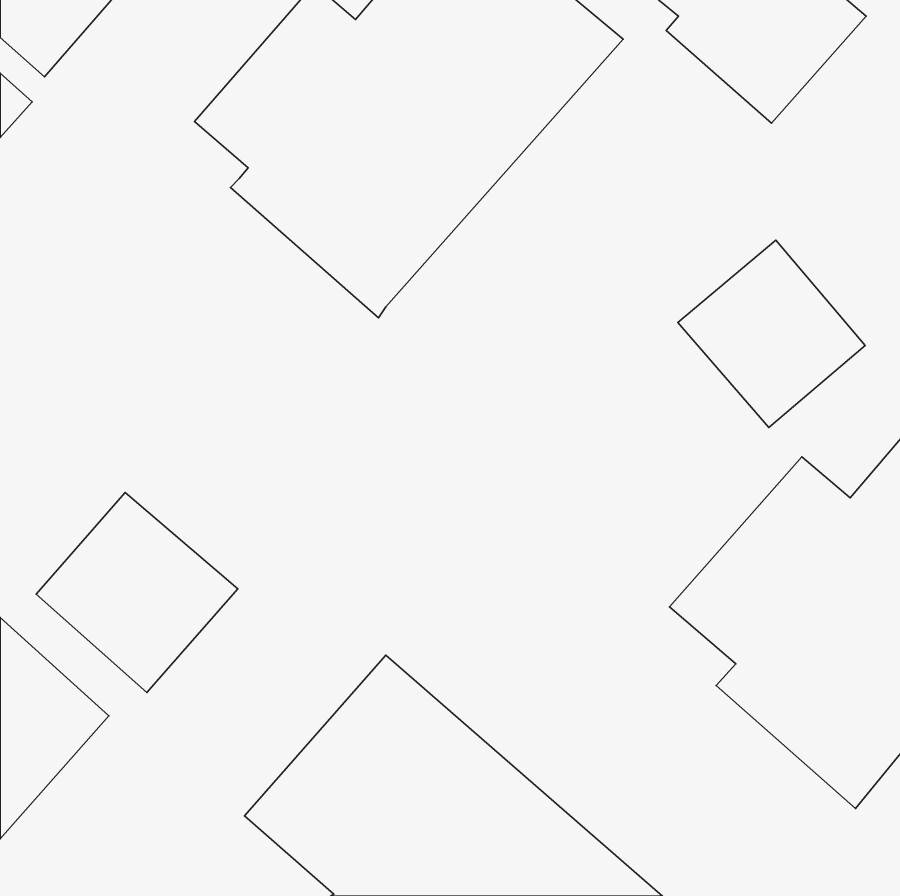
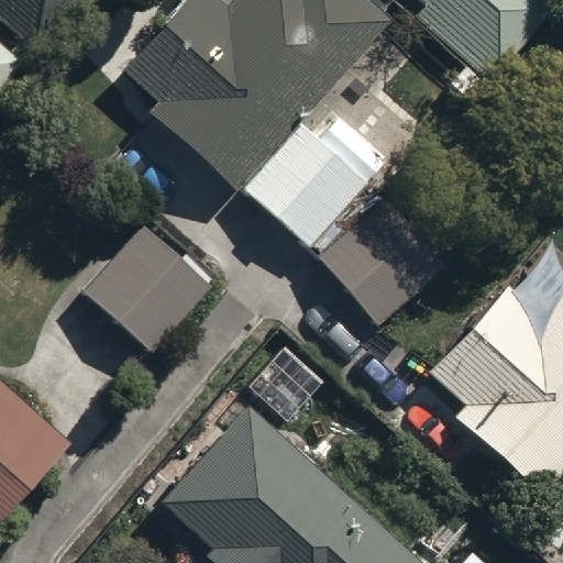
building: none -> [245,104,386,246]
building: [678,240,865,428] -> [320,207,435,322]
building: [36,493,238,692] -> [87,225,211,349]

